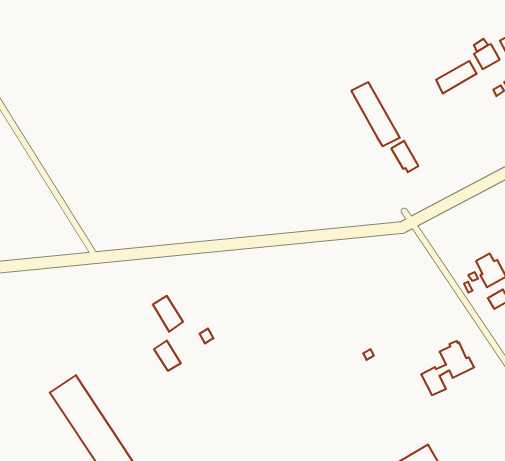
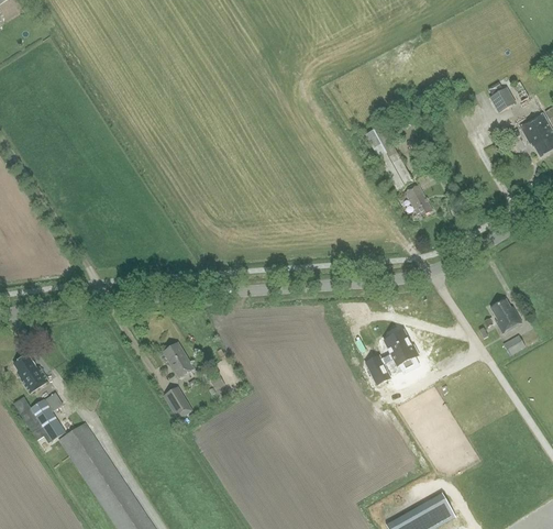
building: [436,61,477,94] -> none
building: none -> [13,353,47,392]
building: [421,341,474,395] -> [364,328,418,383]
building: none -> [20,398,65,442]

